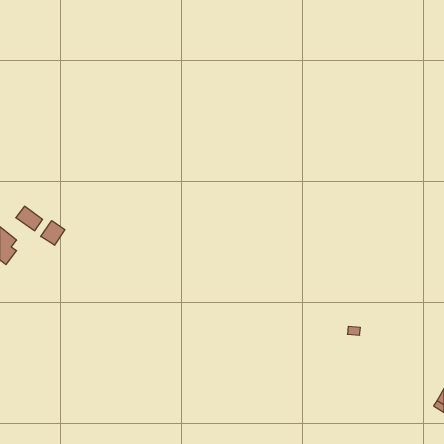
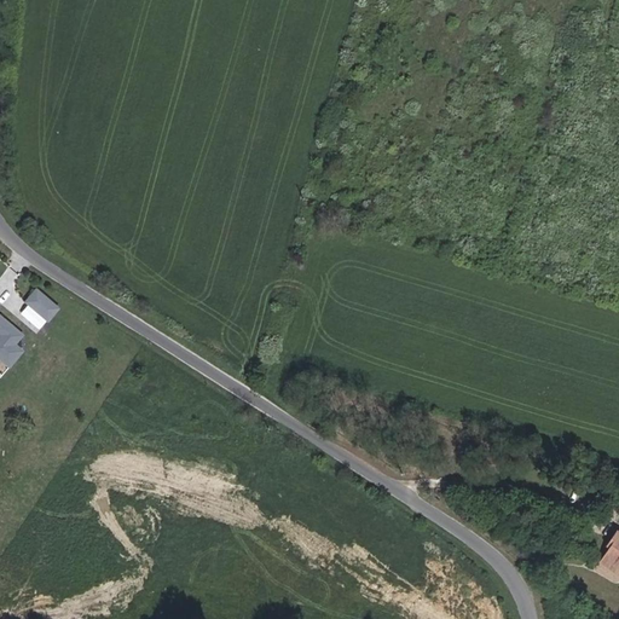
building: [41,221,65,245] -> none

